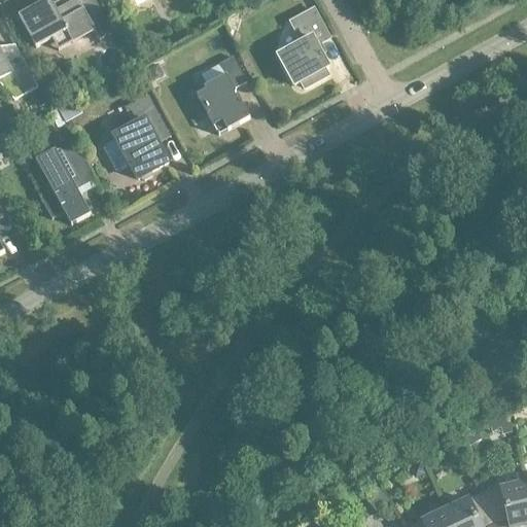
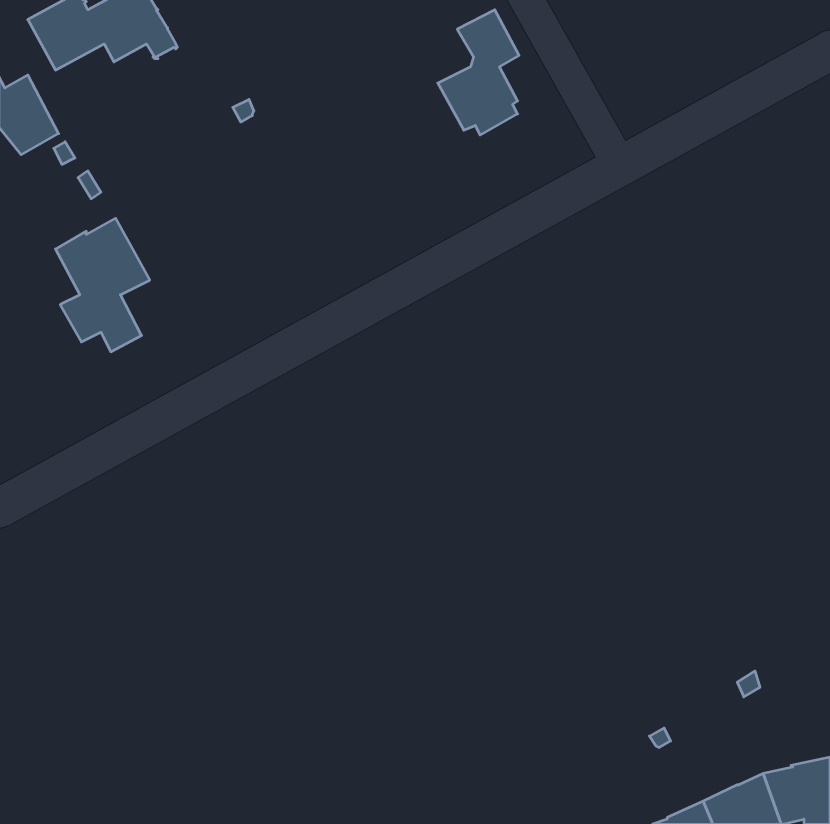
building: [194,54,249,132] -> none
building: [103,92,168,178] -> none

